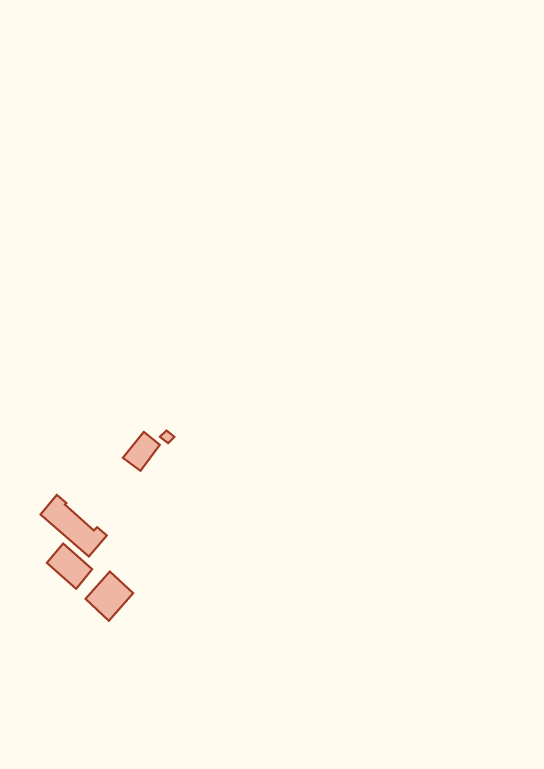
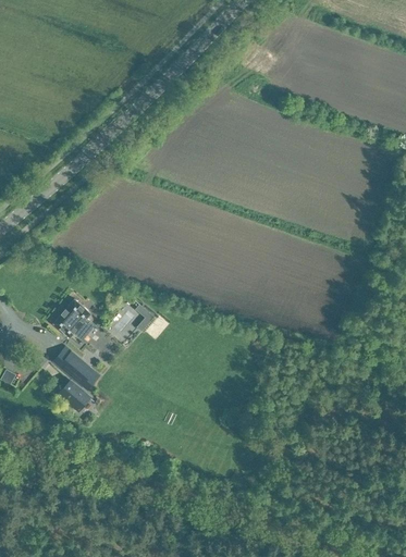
building: none -> [53,297,95,339]
building: [85,571,133,621] -> none

